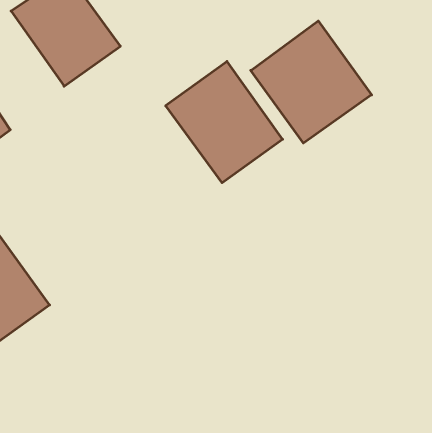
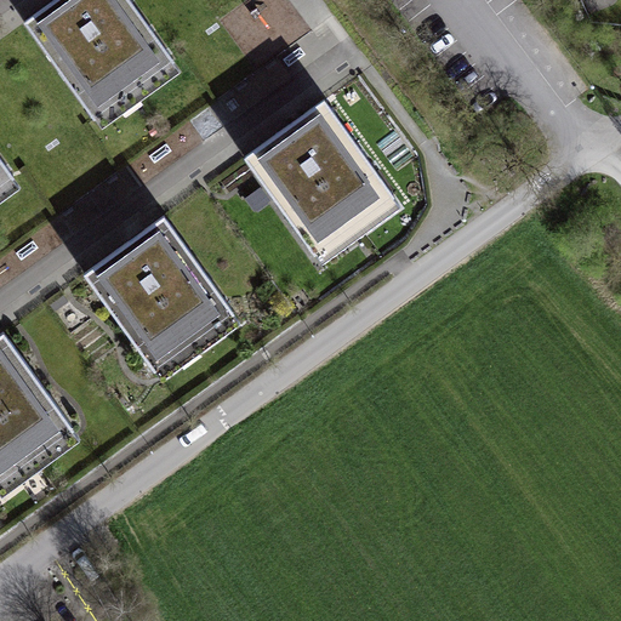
building: [251,21,372,143] -> none
building: none -> [76,207,235,372]

